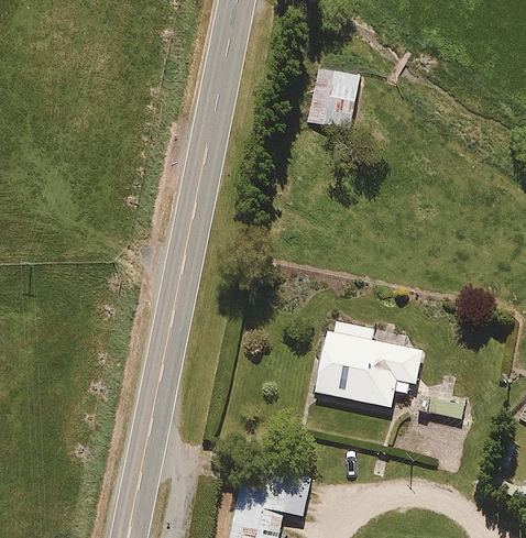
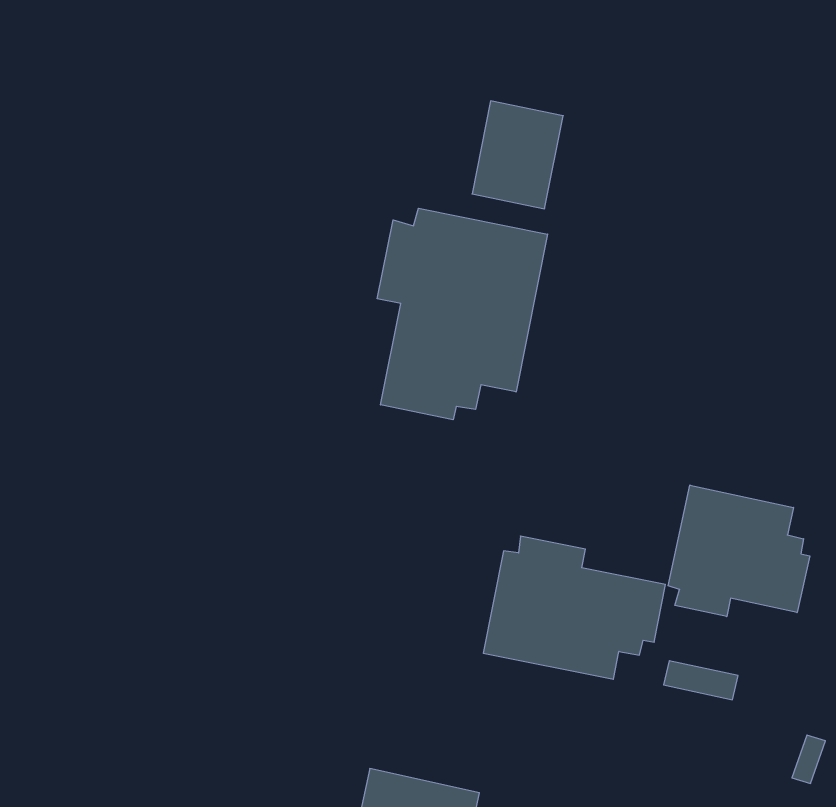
building: none -> [377,208,548,420]
building: none -> [668,485,810,617]

